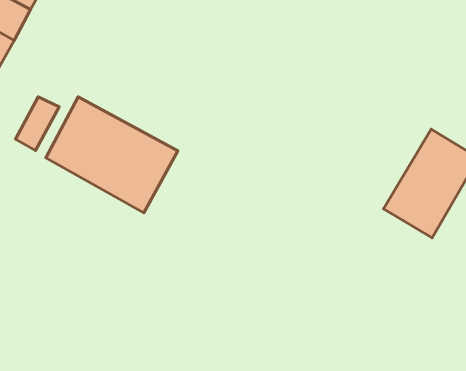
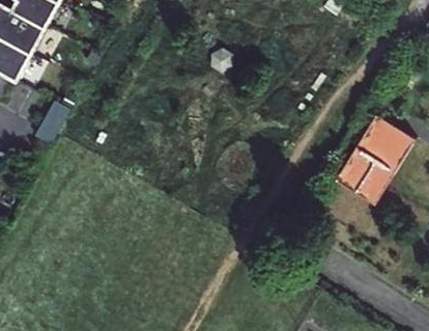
building: [46,97,178,213] -> none

